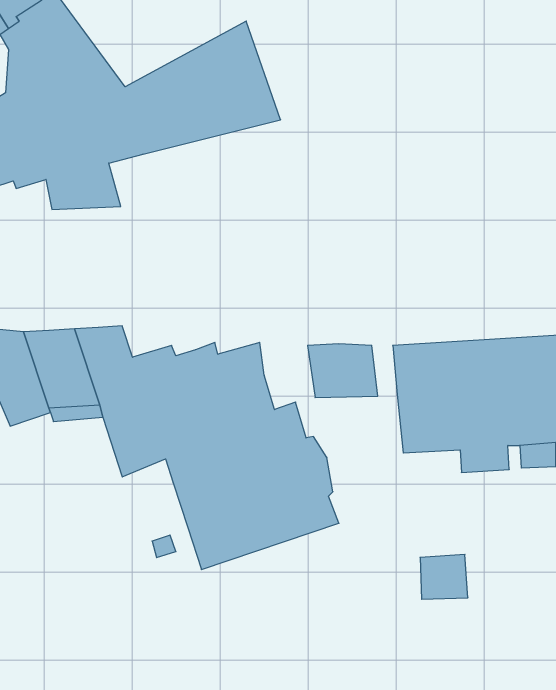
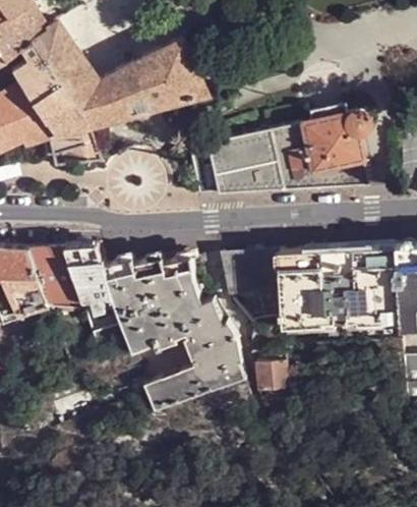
building: none -> [186,98,366,190]
building: [420,554,468,599] -> [255,357,288,388]

